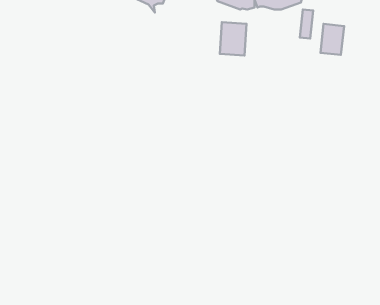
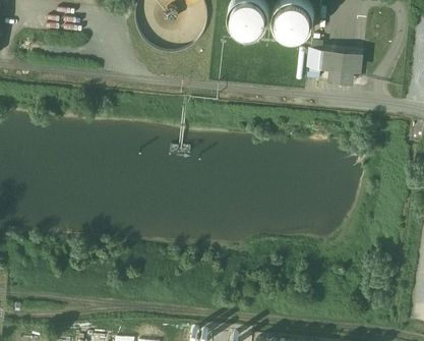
building: [220,22,247,56] -> none

